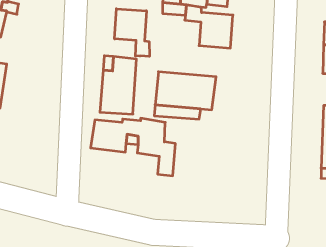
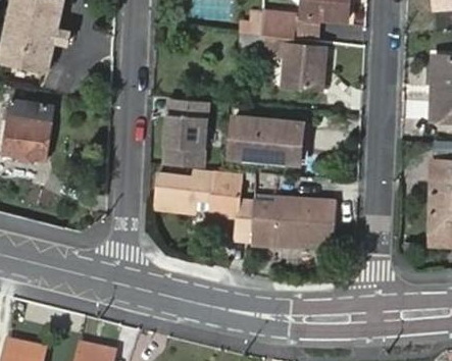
building: [115,9,149,56] -> none
building: none -> [251,196,337,245]

